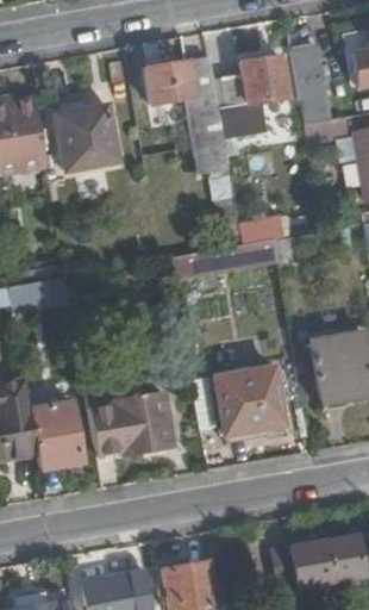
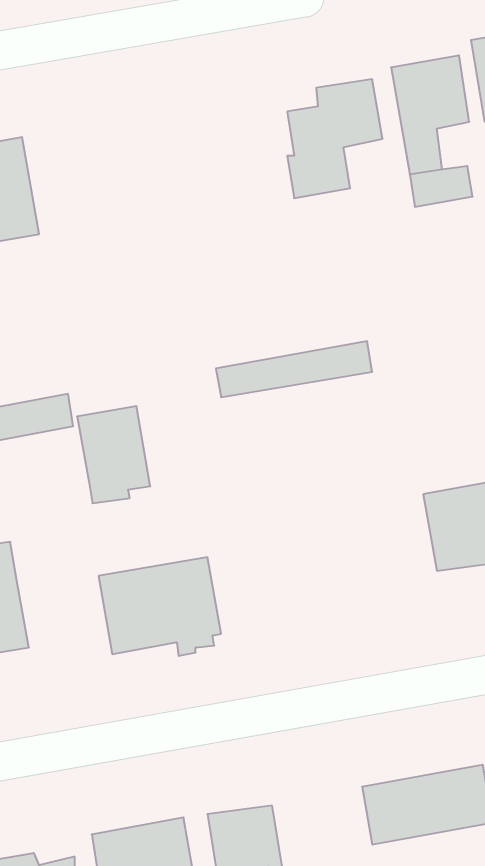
building: [144,57,238,229] -> none
building: [55,106,117,170] -> none
building: [211,365,282,435] -> none
building: [29,402,80,469] -> [77,406,150,503]

